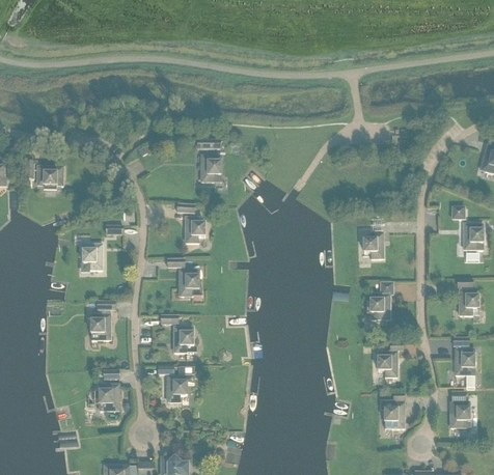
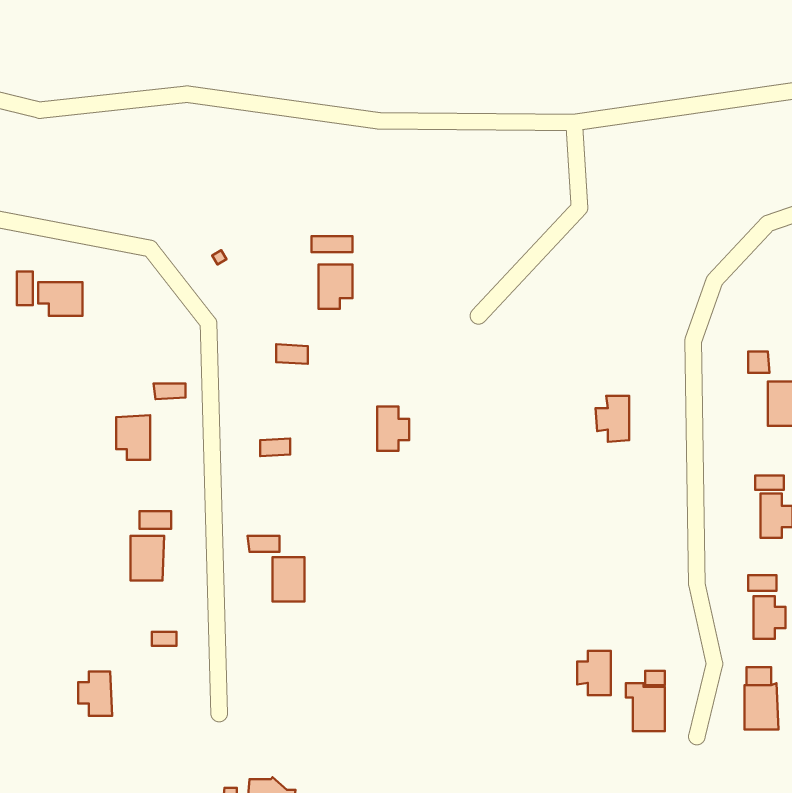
building: [185,217,203,243] -> [377,406,409,451]
building: [179,270,197,296] -> none
building: [369,281,392,319] -> none
building: [377,352,396,378] -> [577,651,611,695]
building: [166,376,192,401] -> none
building: [99,385,118,411] -> [78,671,112,716]

